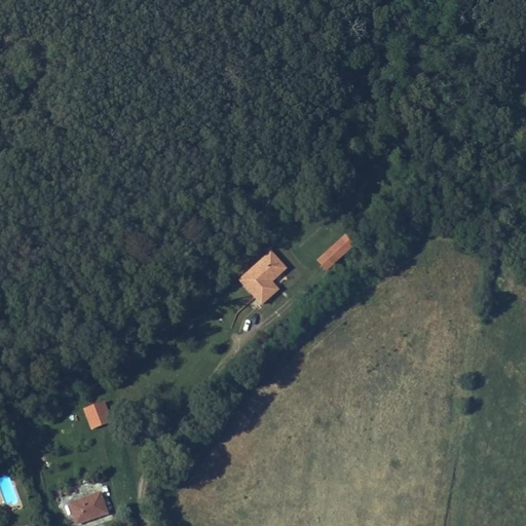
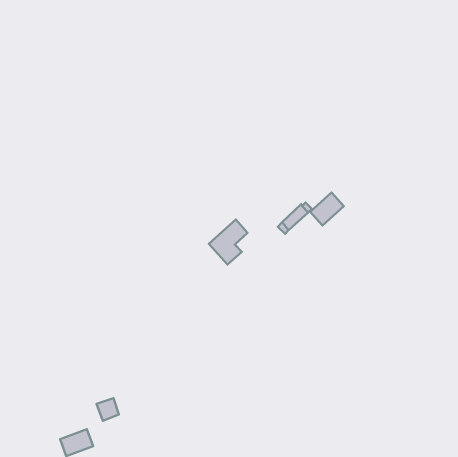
building: none -> [310,192,344,225]
building: [84,402,110,427] -> [97,398,119,421]

